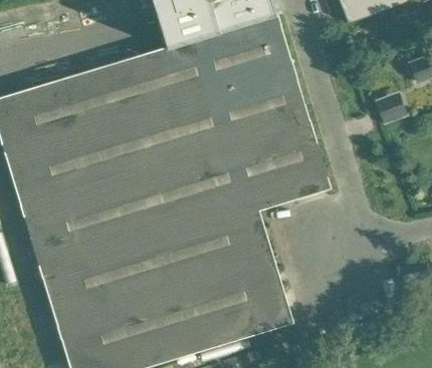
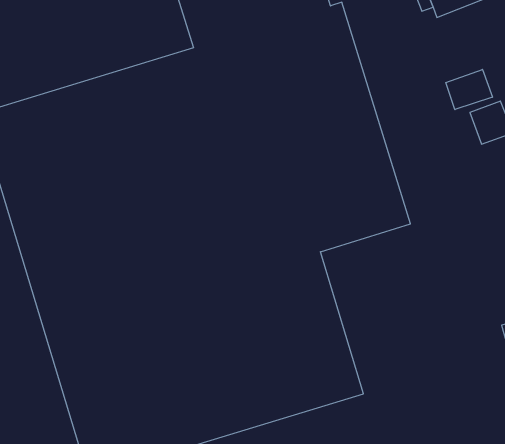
building: none -> [446,69,492,110]

